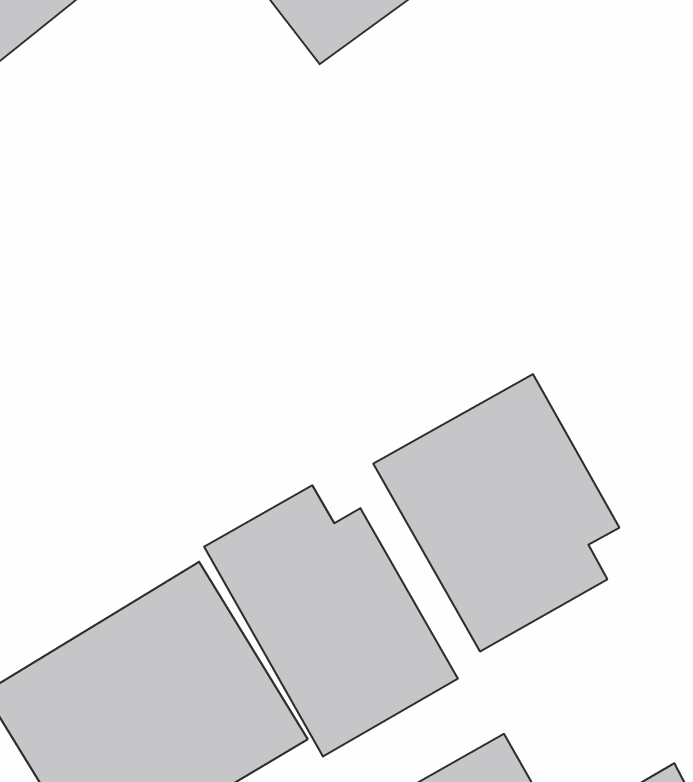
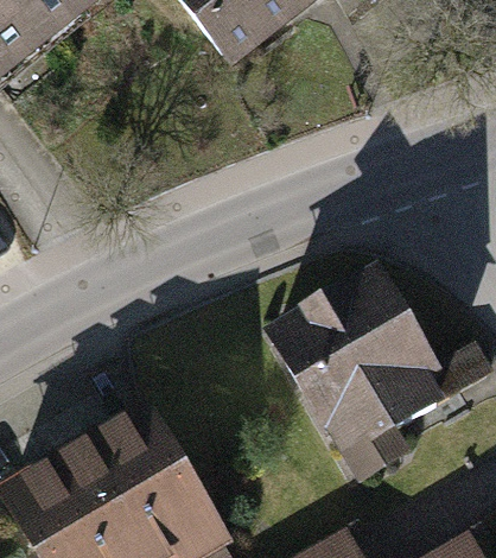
building: [204,485,458,757] -> none

